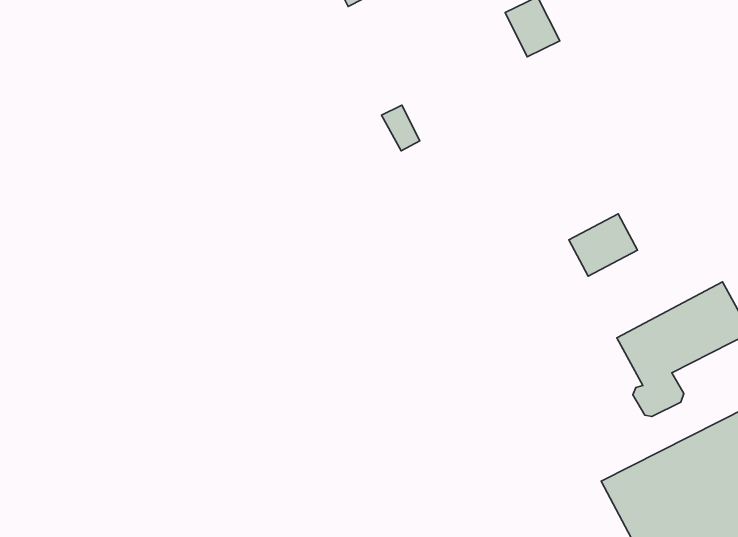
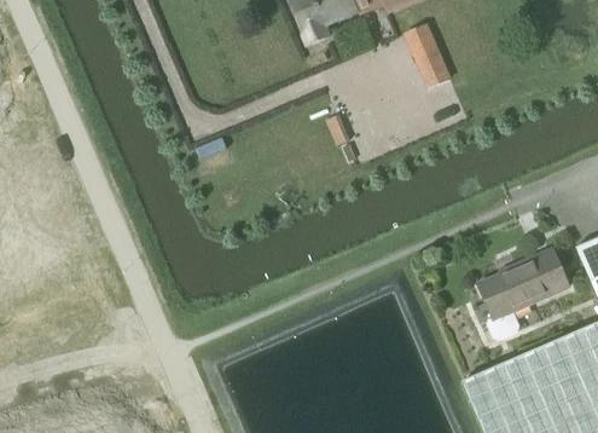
building: [569,214,637,276] -> none

